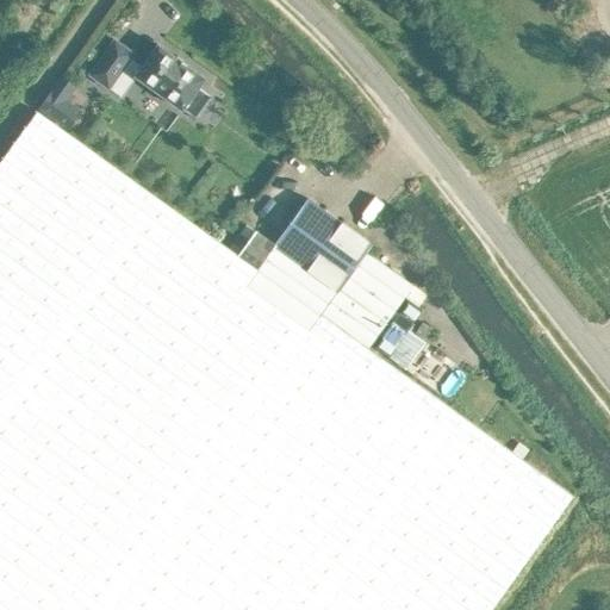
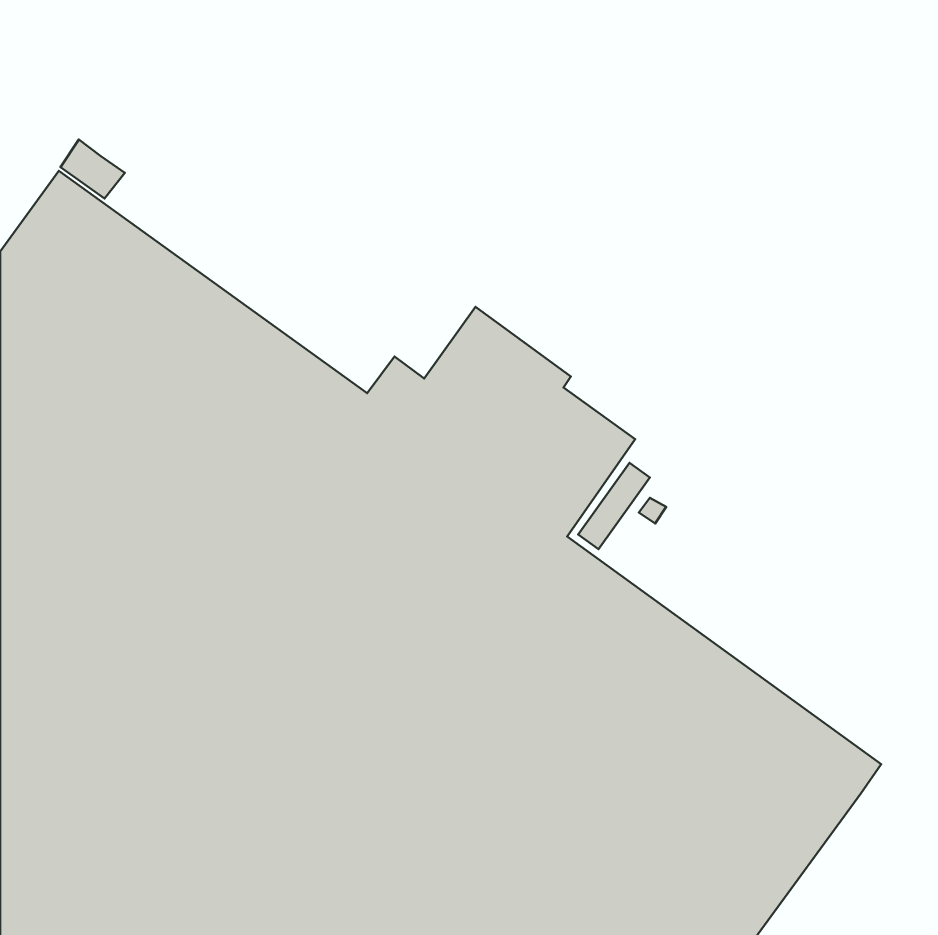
building: [89,42,211,122] -> none

